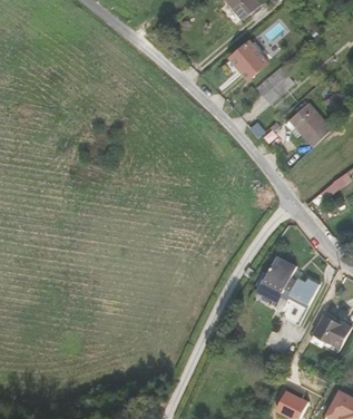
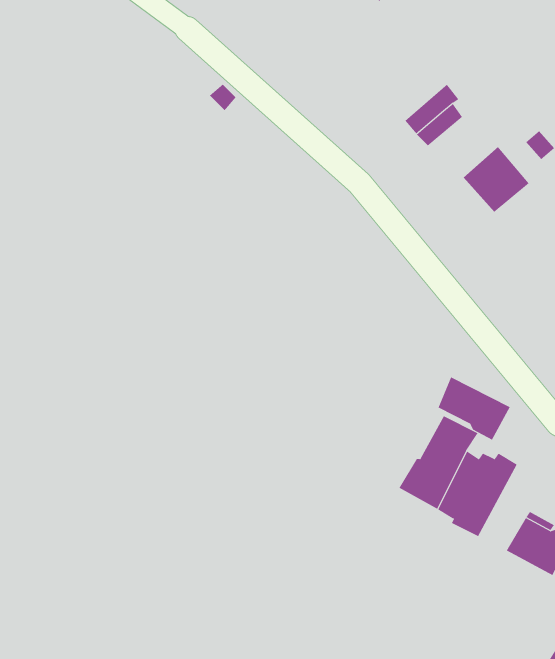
building: [229,41,268,80] -> none
building: none -> [438,377,510,441]

